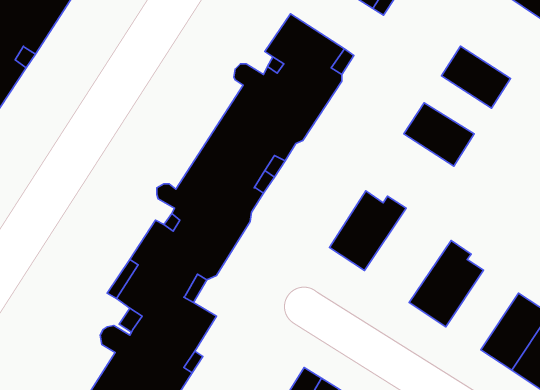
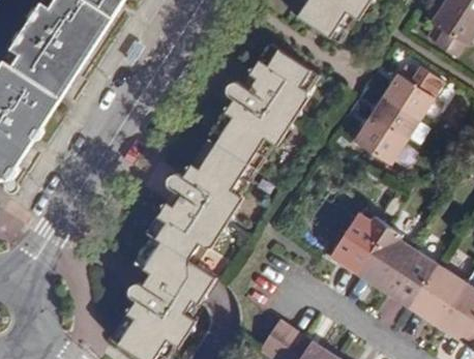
building: none -> [369,94,421,139]
building: [329,191,406,270] -> [331,207,390,268]
building: none -> [386,243,442,304]

